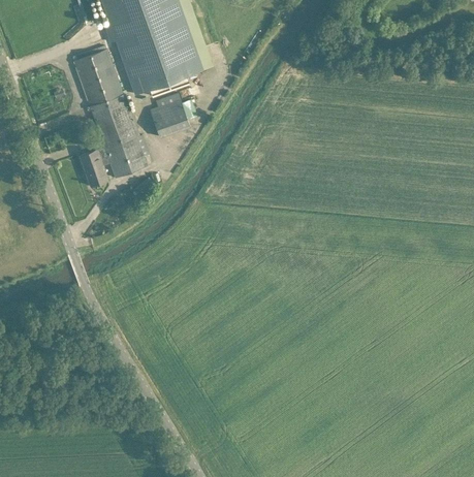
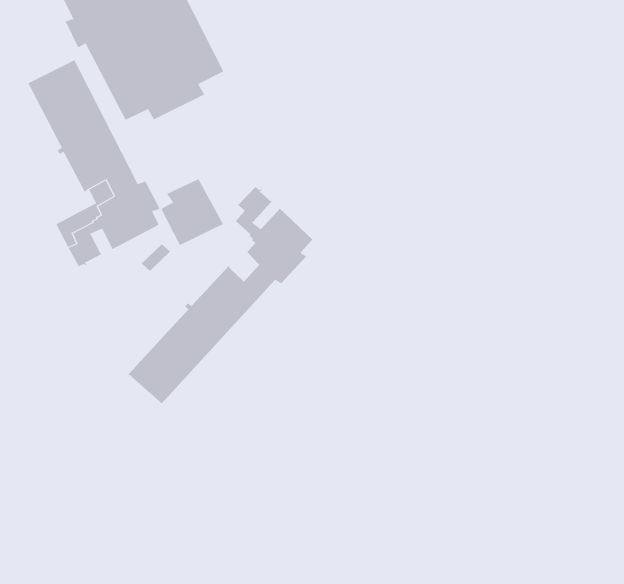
building: [150,92,190,134] -> [160,179,224,246]
building: none -> [128,186,313,404]

